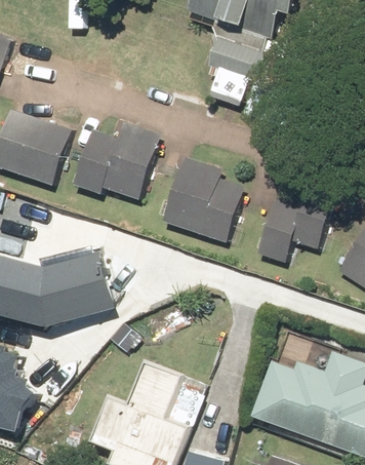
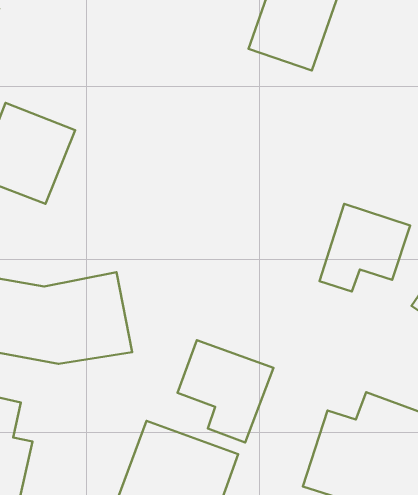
building: [69,123,154,219] -> none
building: [149,164,248,254] -> none
building: none -> [178,340,273,442]

